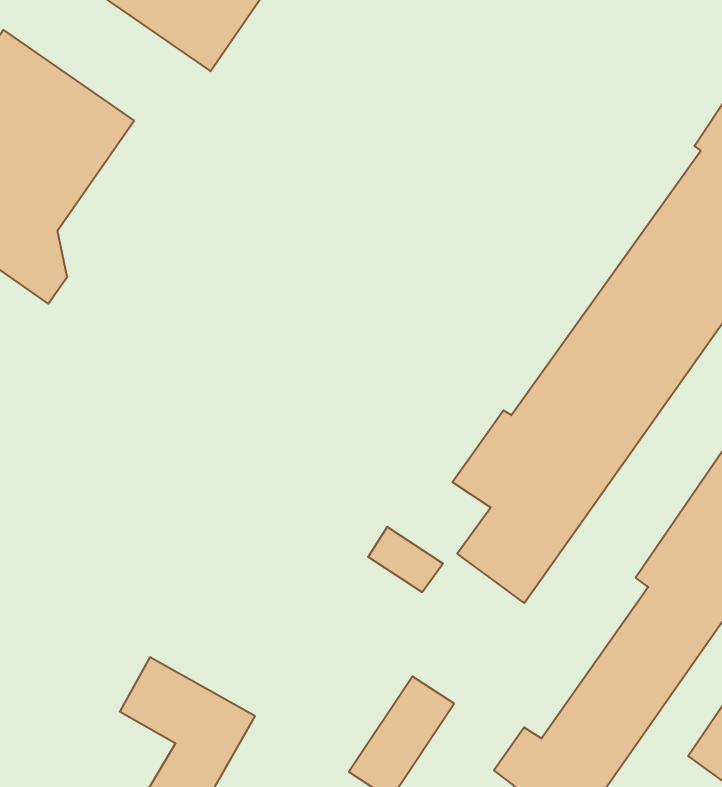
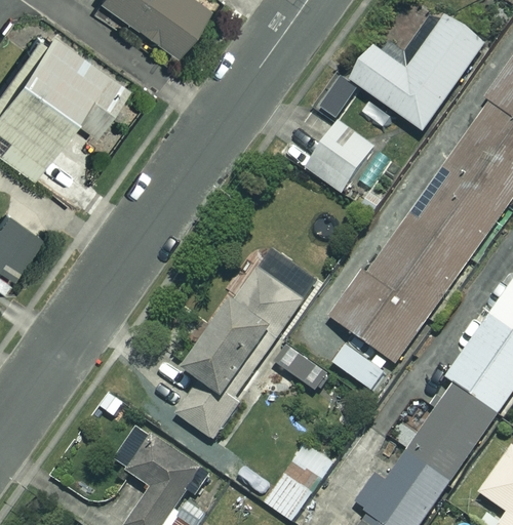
building: none -> [349,15,485,132]
building: none -> [302,120,372,198]
building: none -> [173,244,318,441]

